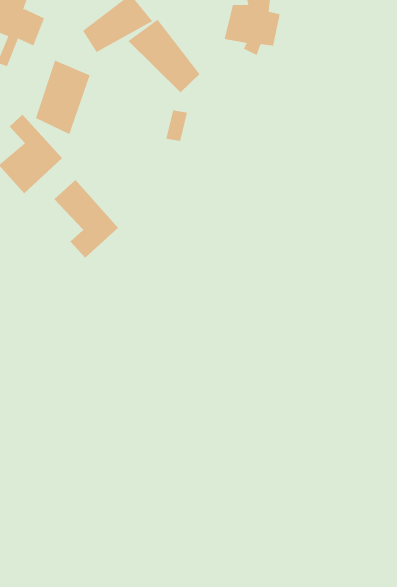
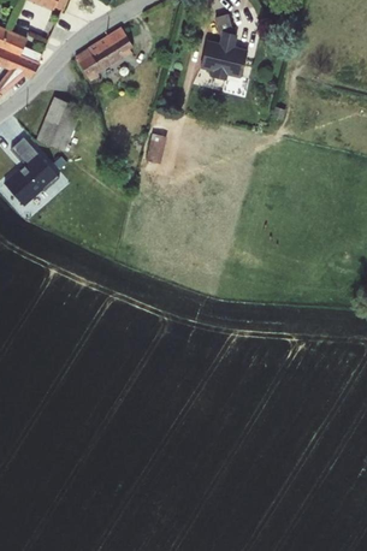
building: [128,19,200,93] -> none
building: [53,179,119,258] -> none

